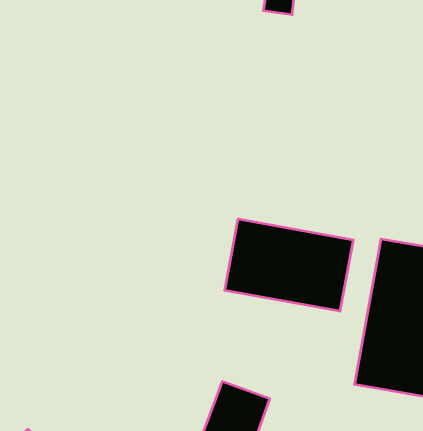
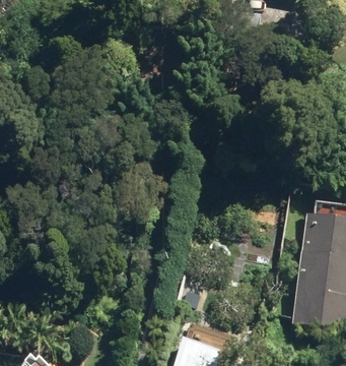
building: [225,219,353,311] -> none

